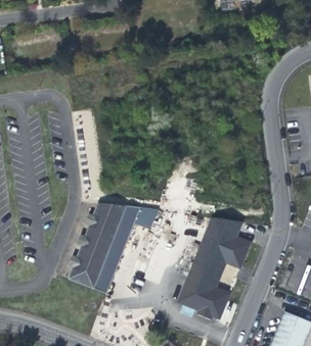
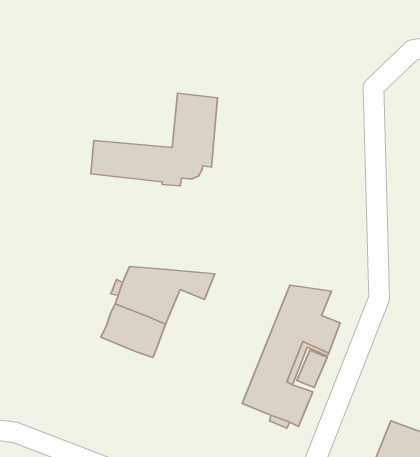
building: none -> [91,93,218,186]
building: [69,253,115,292] -> none

